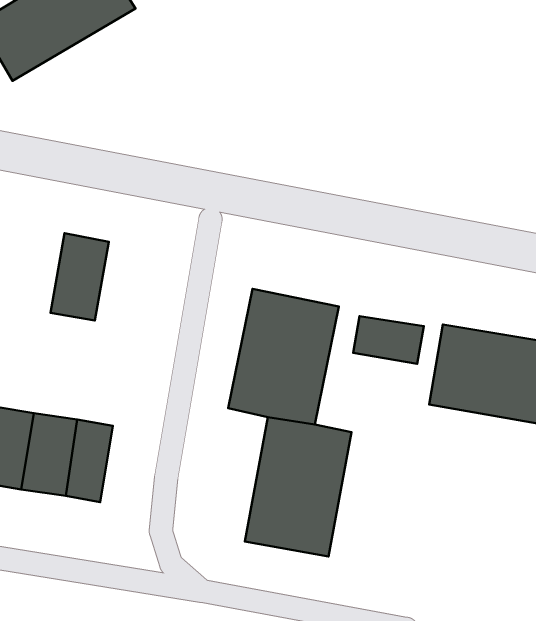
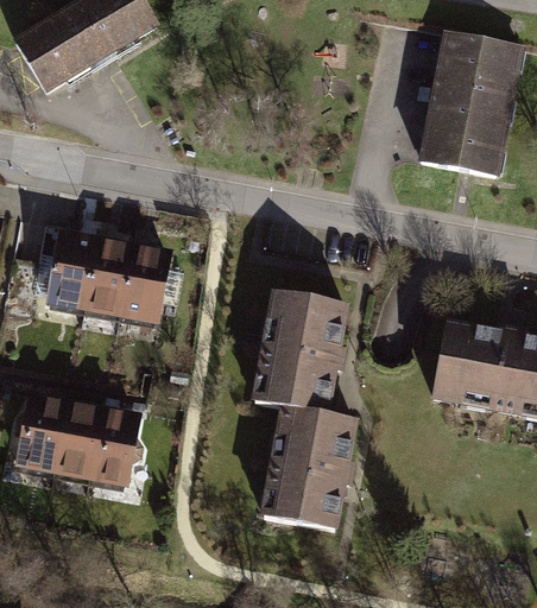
building: none -> [421,33,522,173]
building: none -> [45,228,93,309]
building: none -> [121,242,171,325]
building: [353,316,424,364] -> none

